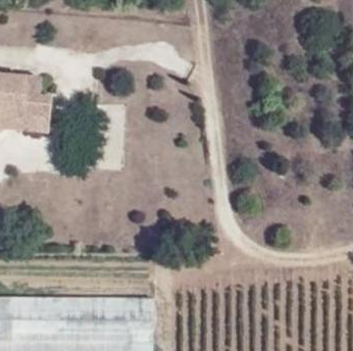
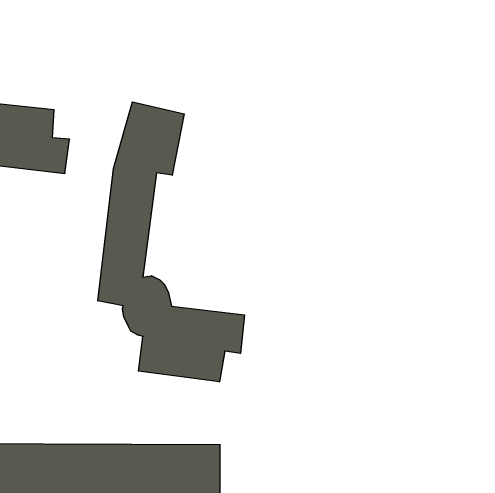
building: none -> [98,102,244,382]

